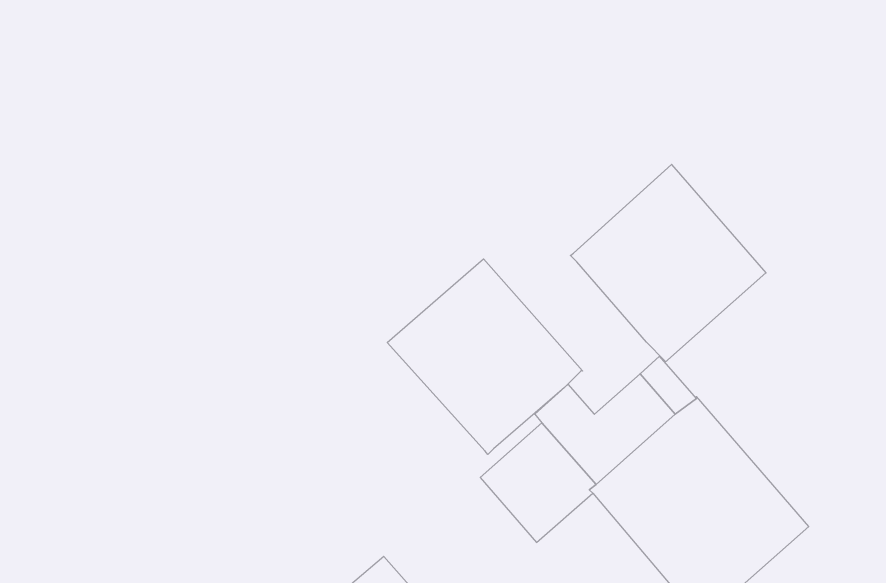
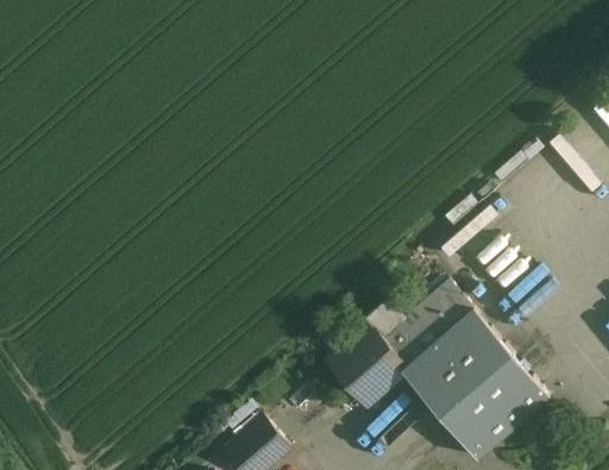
building: [570,164,766,362] -> none
building: [387,259,583,454] -> none

